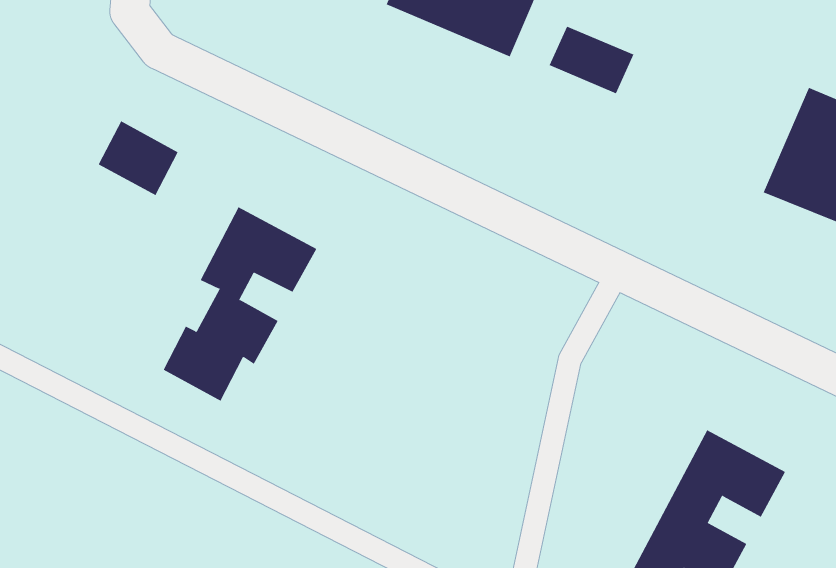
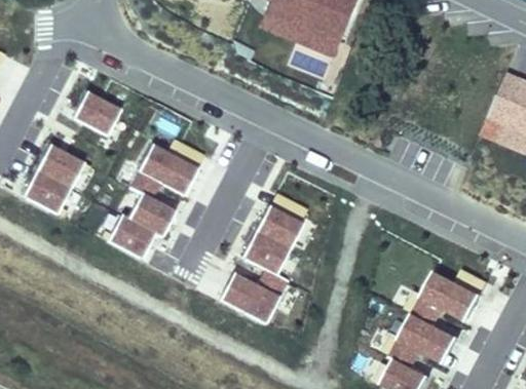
building: [549,26,634,94] -> none
building: none -> [28,142,88,210]
building: none -> [222,202,306,319]

